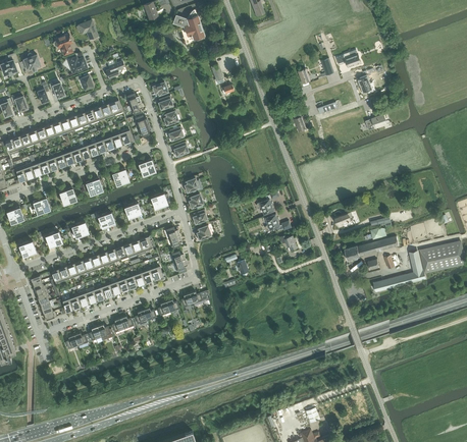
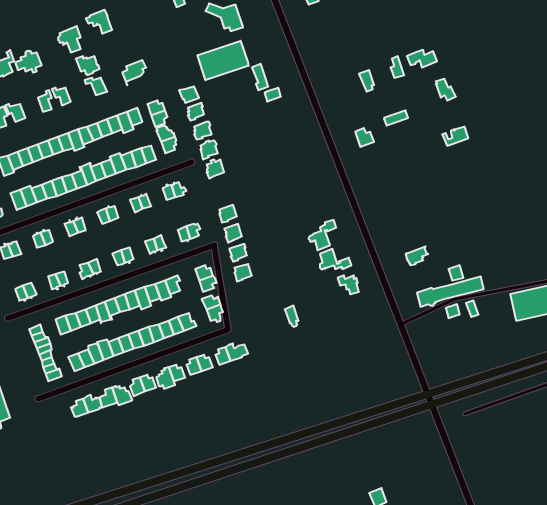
building: none -> [198,41,249,80]
building: [372,250,425,292] -> none

